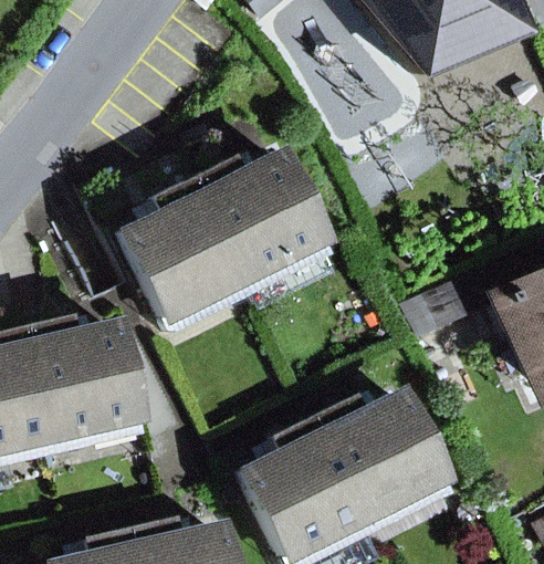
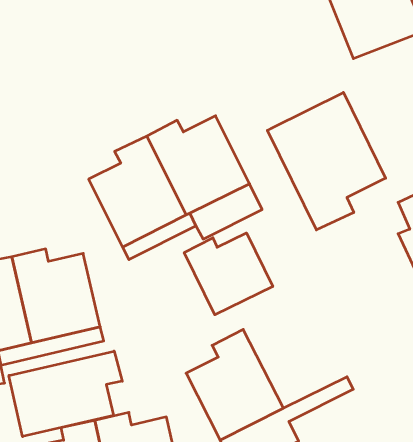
building: none -> [267,92,386,230]
building: none -> [184,233,273,315]
building: [310,391,438,514] -> none
building: none -> [9,351,122,437]

